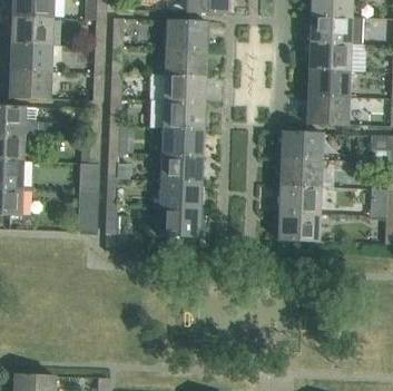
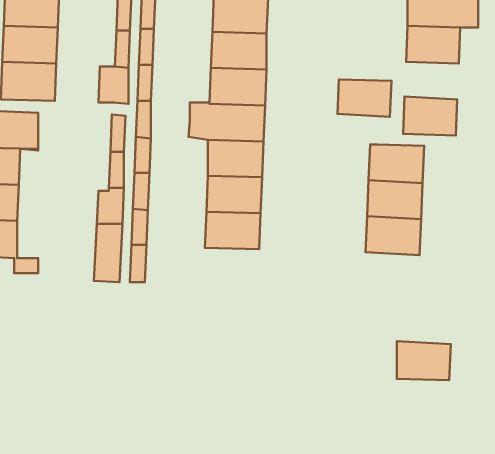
building: [308,69,348,97] -> [337,79,391,117]
building: [159,207,200,248] -> none
building: [279,211,320,240] -> [397,341,451,380]

